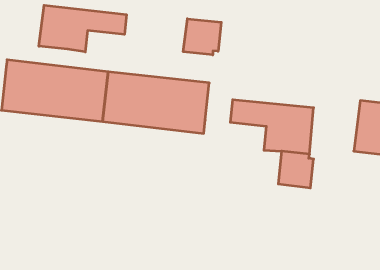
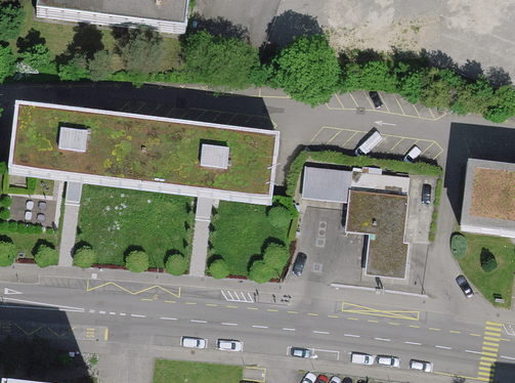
building: [39,5,126,52] -> none
building: [183,19,221,55] -> none

